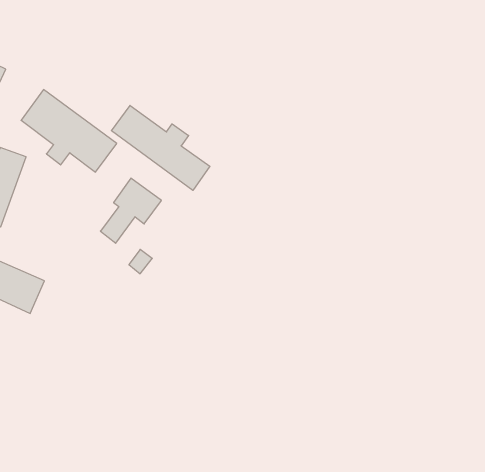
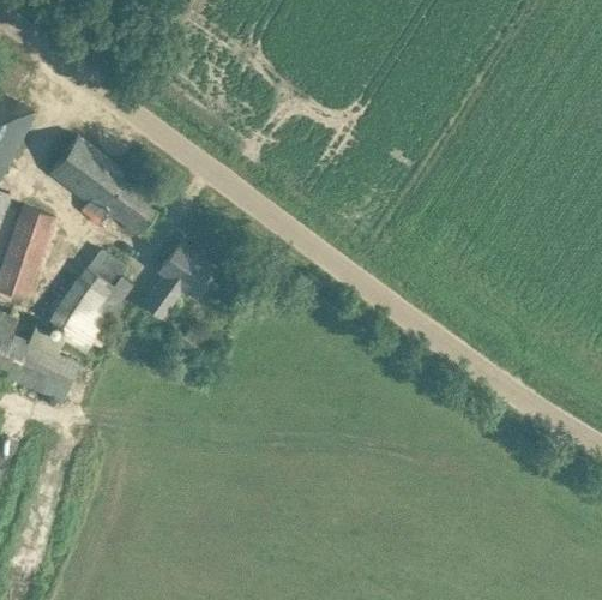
building: [111,105,210,190] -> none
building: none -> [48,250,131,353]

